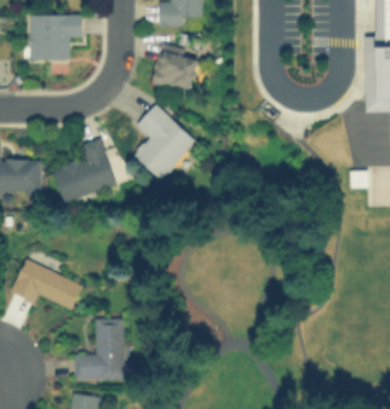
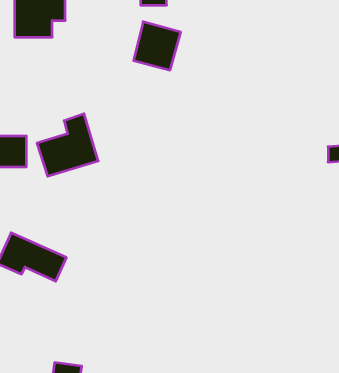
building: [131,104,196,182] -> none
building: [75,318,125,380] -> none

